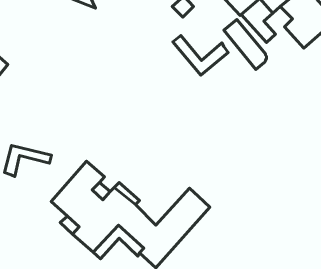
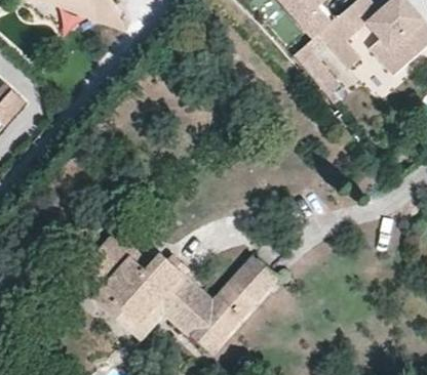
building: [173,35,228,75] -> none
building: [5,145,52,176] -> none

